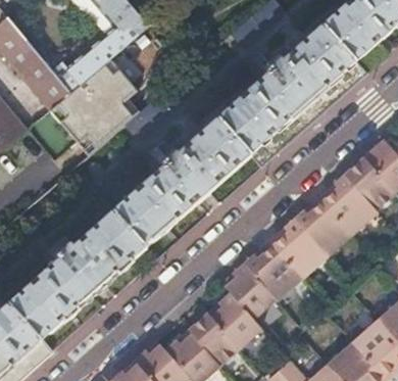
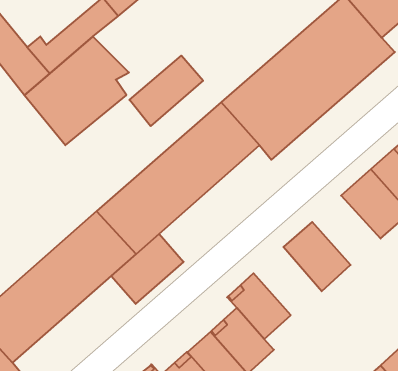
building: none -> [129,56,203,126]
building: [294,197,352,256] -> none
building: none -> [111,234,184,304]
building: [244,241,302,301] -> none

